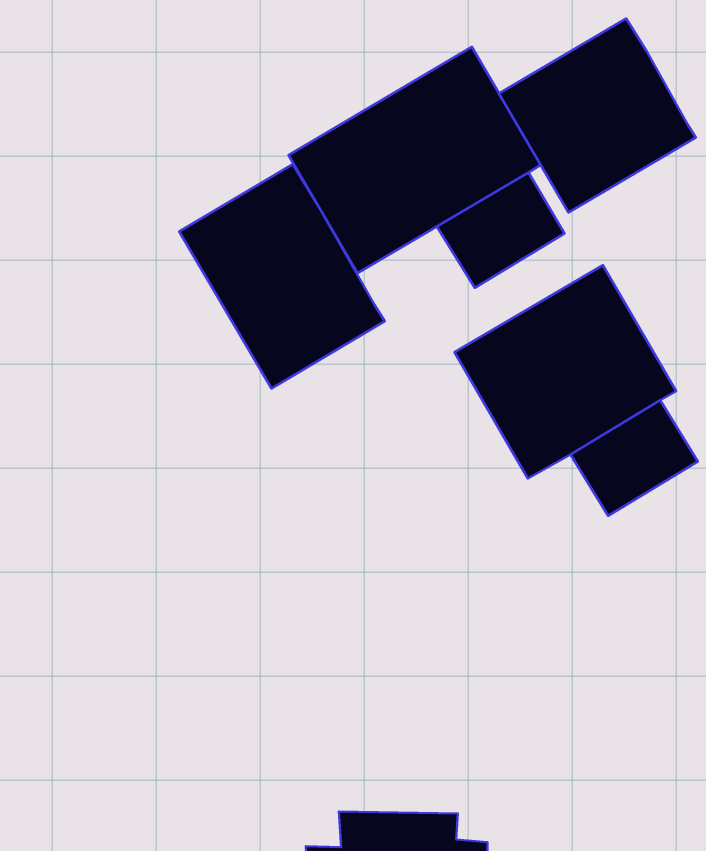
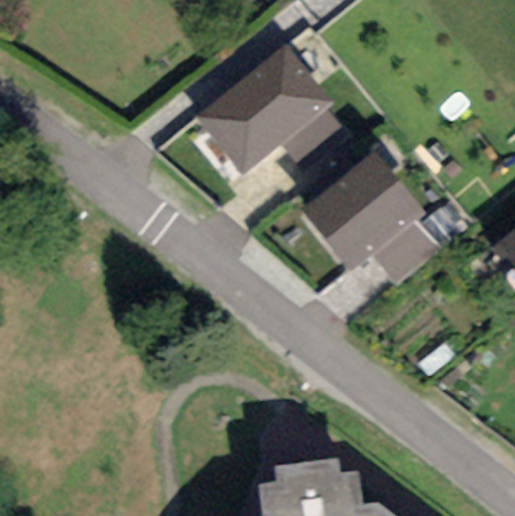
building: [499,18,696,213] -> none
building: [179,164,385,388] -> none

